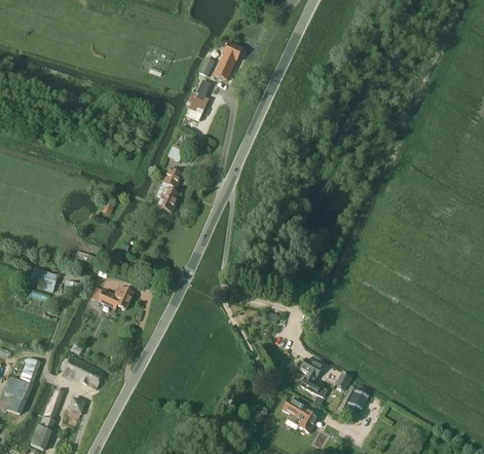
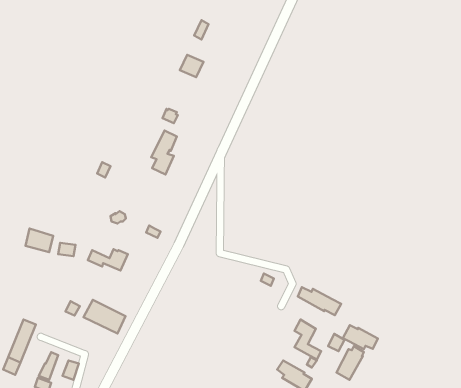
building: [214,42,243,80] -> none
building: none -> [298,287,341,315]
building: [62,354,104,388] -> [84,300,126,334]
building: none -> [343,325,378,349]

